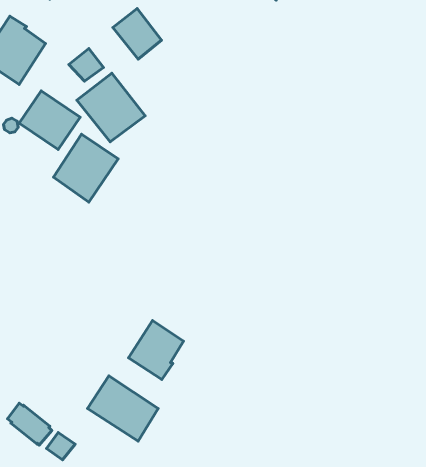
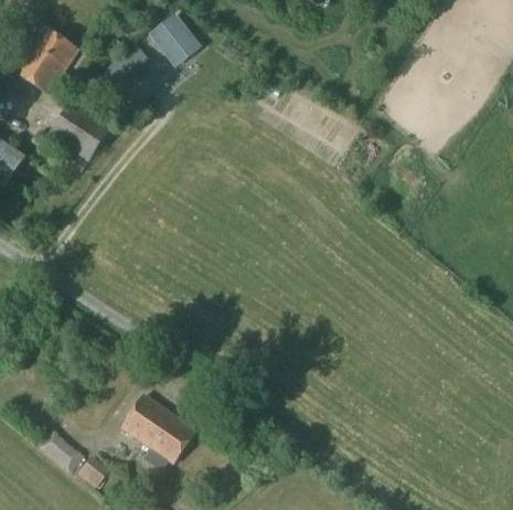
building: [77,73,145,142] -> none
building: [53,134,118,202] -> none
building: [128,320,184,379] -> none

